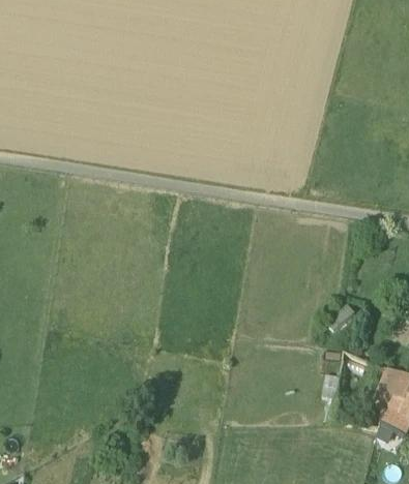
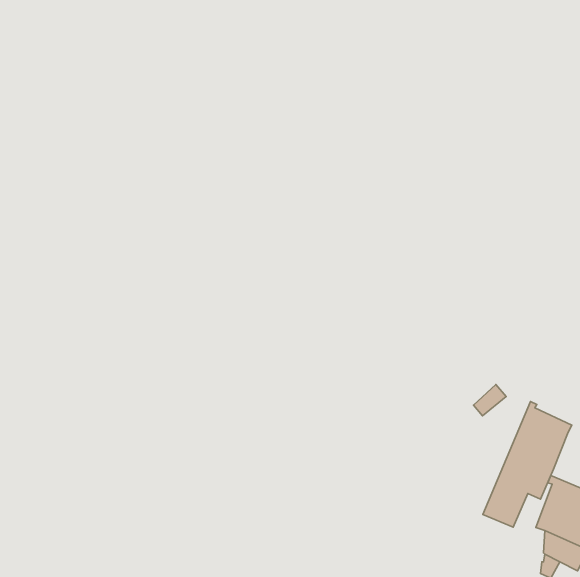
building: none -> [483,402,572,527]

